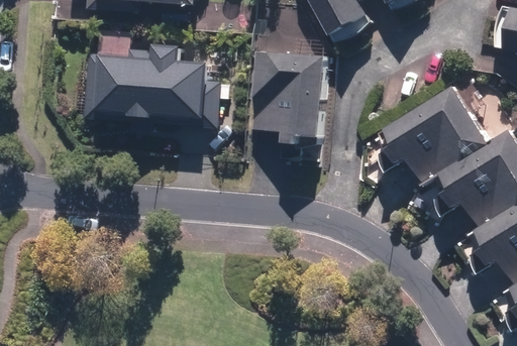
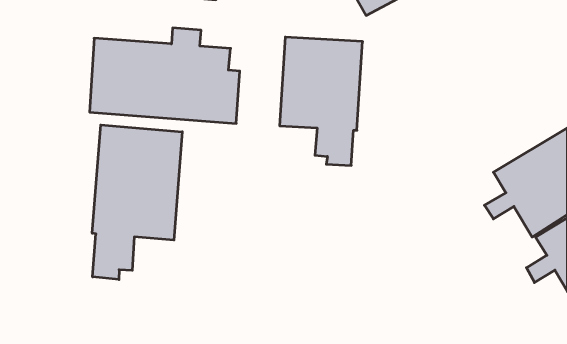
building: [378,85,490,181] -> none
building: none -> [92,125,182,280]

